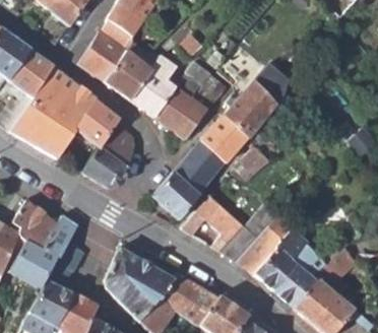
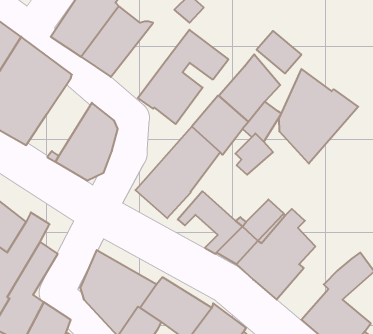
building: [130,52,181,117] -> none
building: none -> [279,69,358,164]
building: [75,99,117,145] -> none
building: [273,245,338,308] -> none

